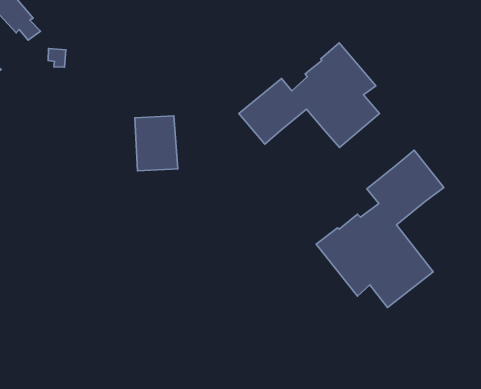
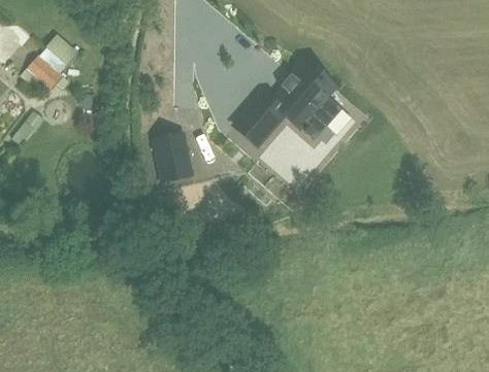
building: [316,150,444,308] -> none

